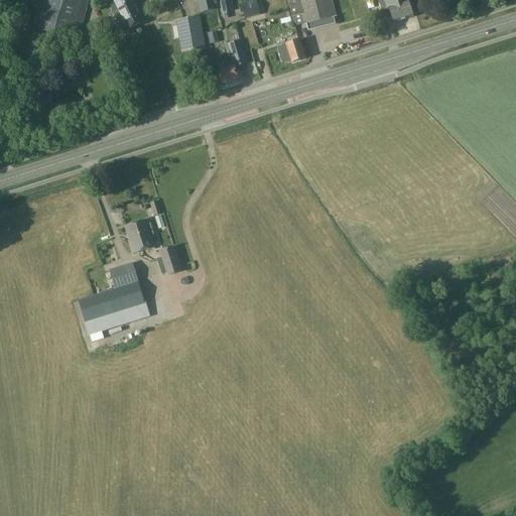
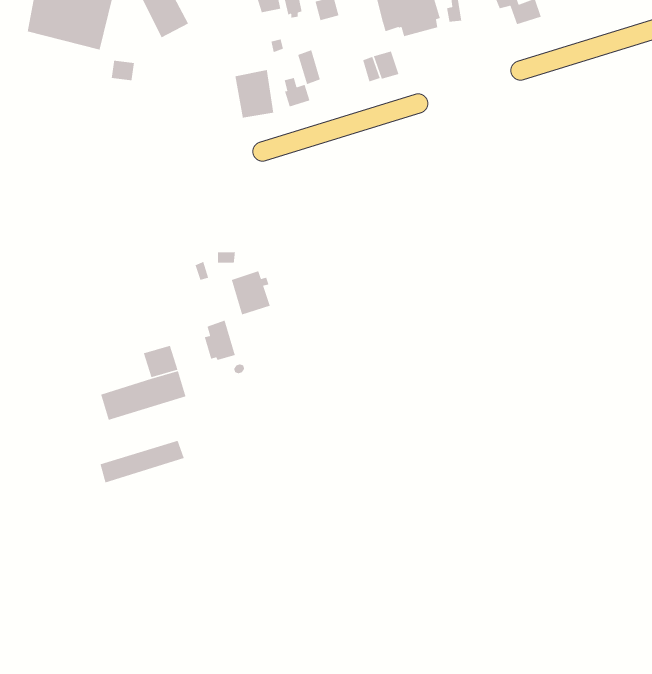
building: [175,13,206,50] -> [234,69,274,119]
building: [125,217,155,251] -> [231,270,271,316]
building: [85,300,149,334] -> [100,440,185,484]

